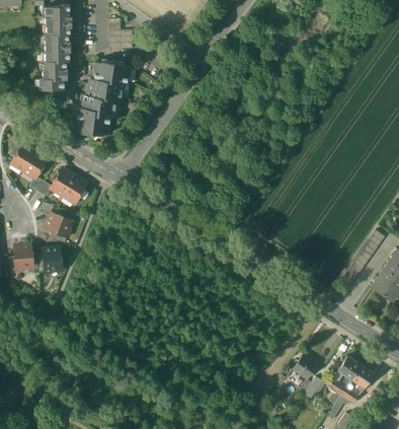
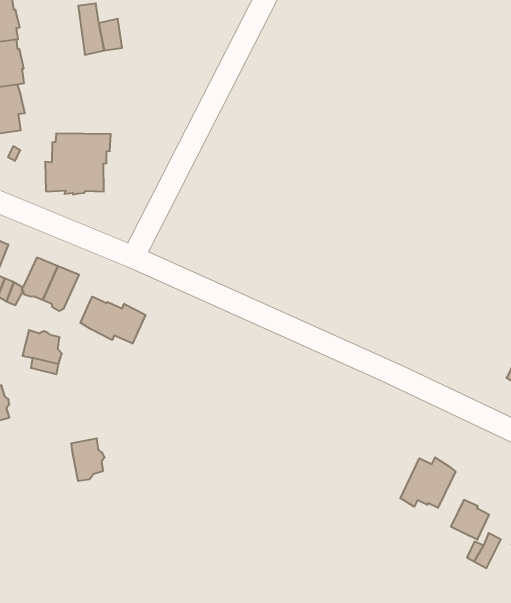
building: [85,62,131,101] -> none
building: none -> [80,297,145,344]
building: [44,247,63,272] -> [71,438,105,481]
building: none -> [400,457,455,508]

